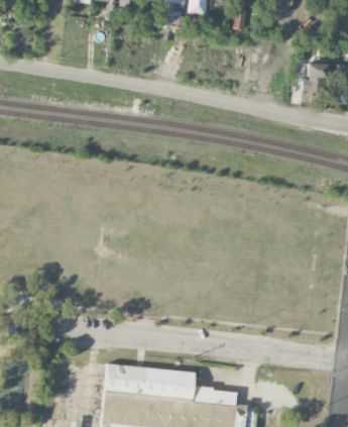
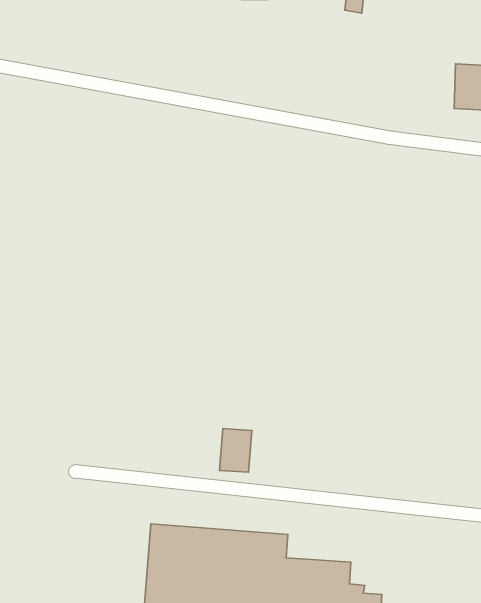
building: none -> [220,429,252,472]

